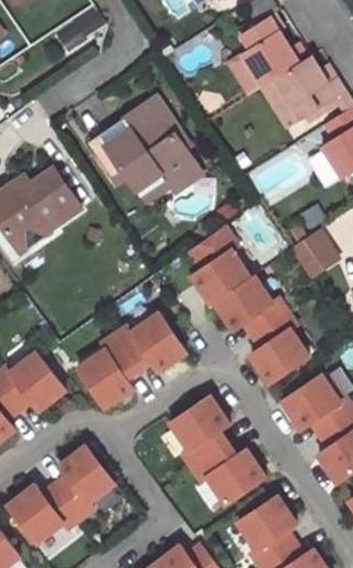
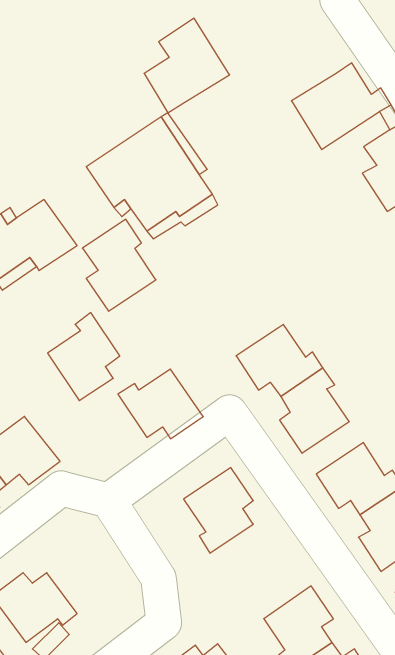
building: [226,16,299,95] -> [144,18,230,113]
building: [189,226,251,304] -> [82,219,156,311]
building: [290,231,333,274] -> none
building: [78,334,139,408] -> [48,313,120,401]
building: [192,444,265,505] -> none
building: [54,445,115,519] -> none

